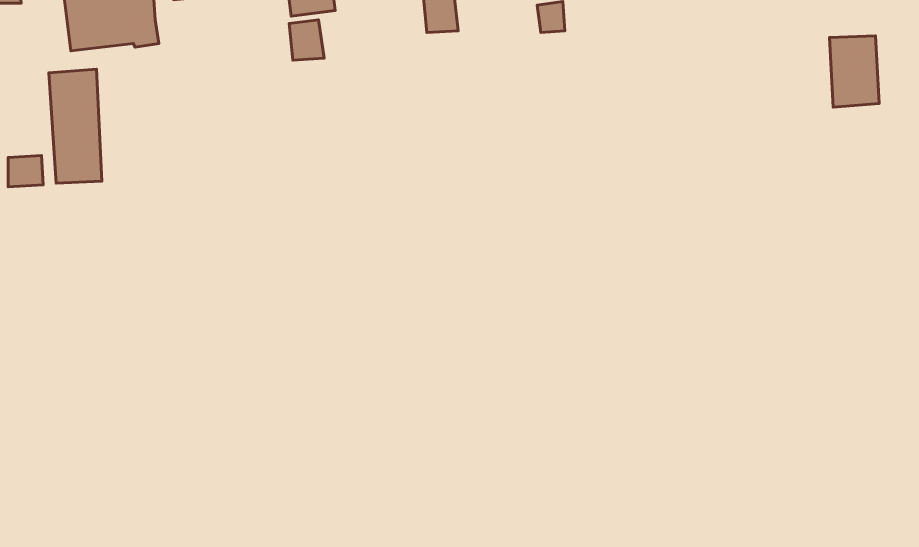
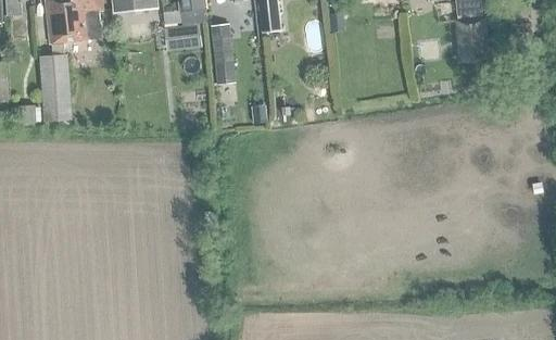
building: none -> [210,23,235,85]
building: [830,36,879,107] -> [457,17,486,60]

